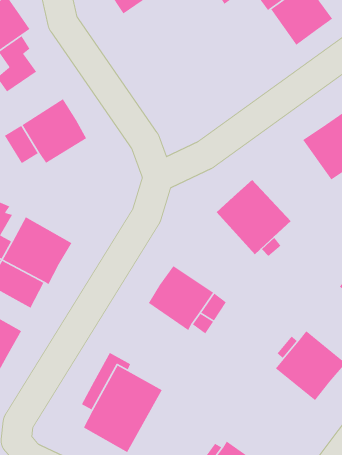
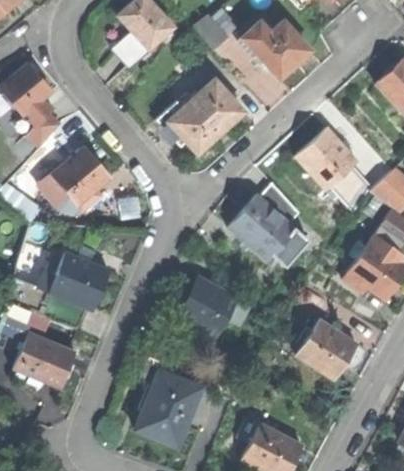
building: none -> [158,79,244,152]

